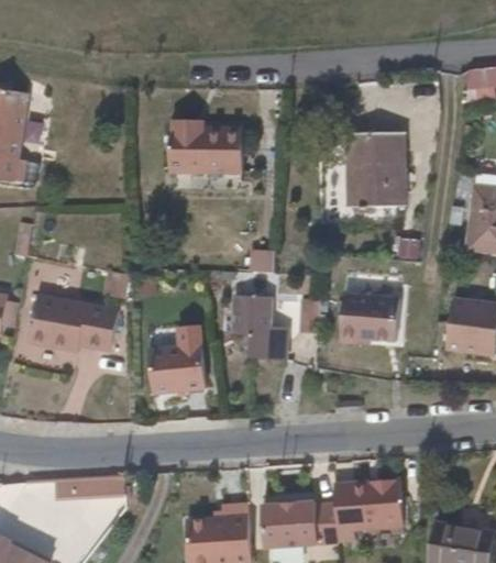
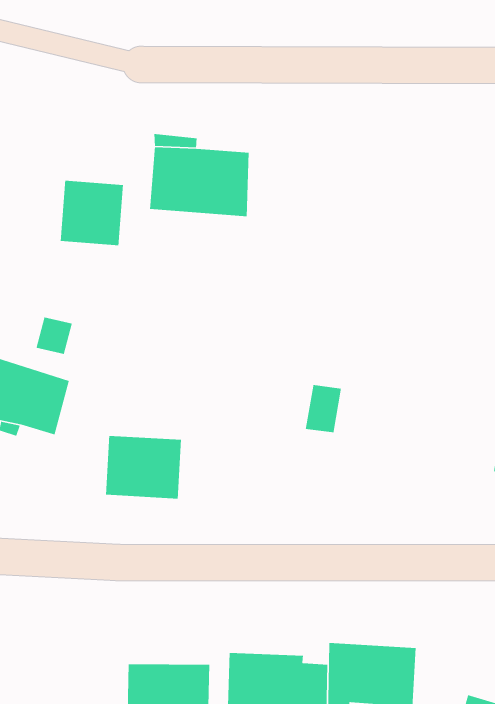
building: [350,135,403,208] -> none
building: none -> [60,180,124,246]
building: [229,291,285,363] -> none
building: [341,294,401,344] -> none

